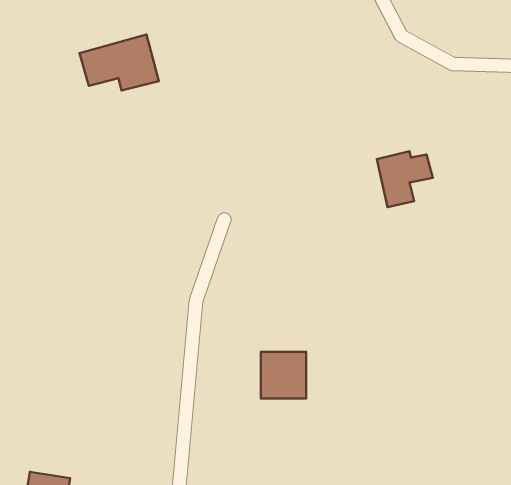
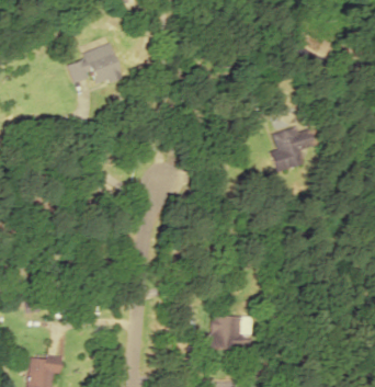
building: [261,352,306,398] -> [212,316,243,349]

